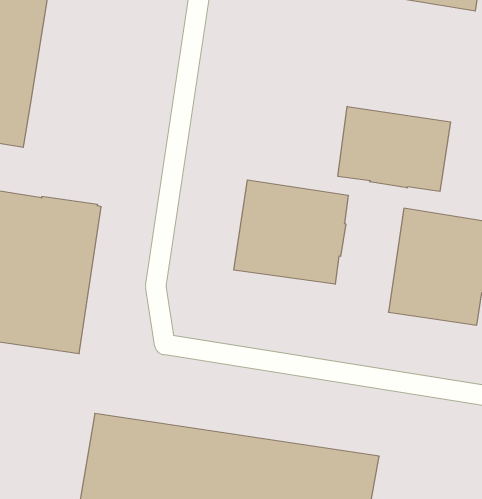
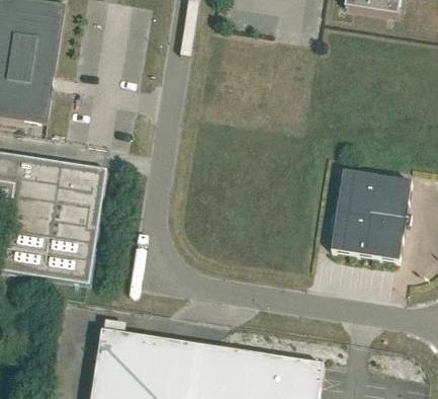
building: [338,106,451,191] -> none
building: [234,180,348,284] -> none

